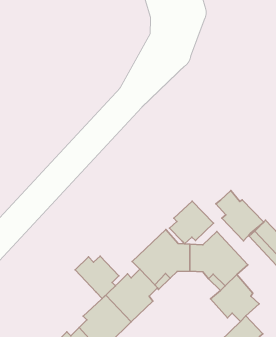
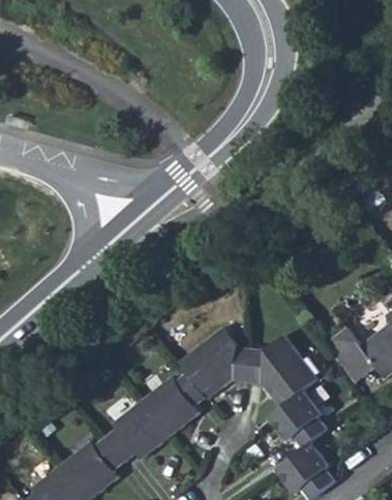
building: [216,191,264,241] -> none
building: [170,201,213,244] -> none
building: [75,256,119,299] -> none

